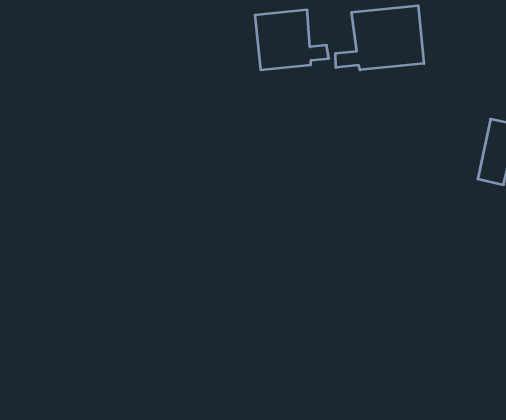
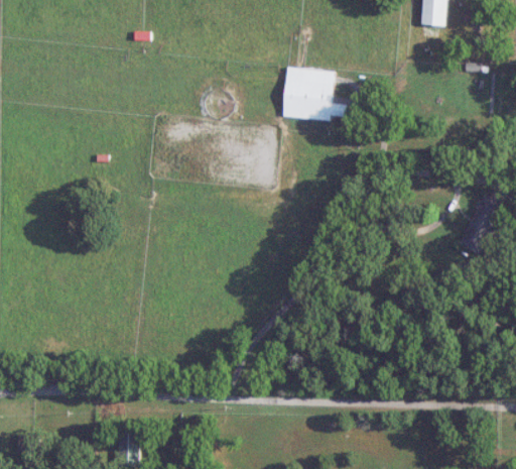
building: [336,6,424,70] -> none

